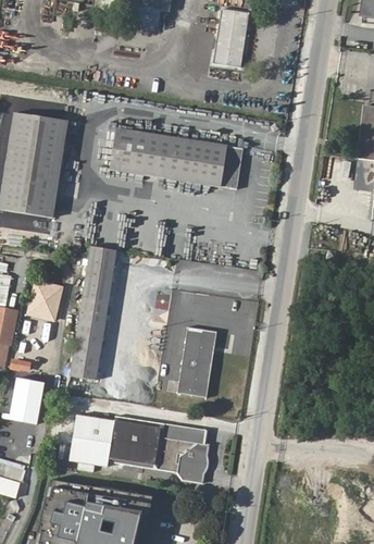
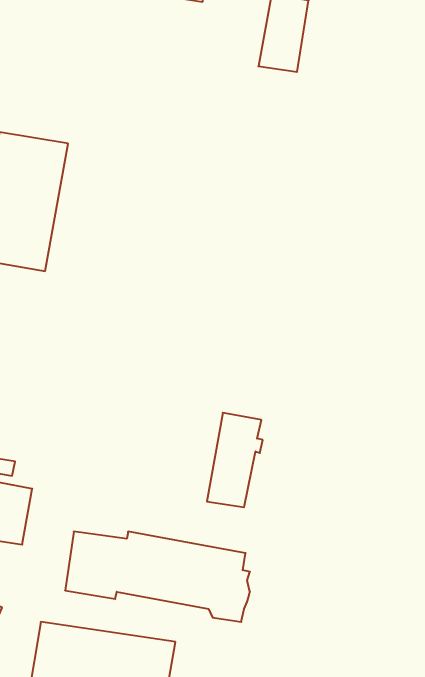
building: [114,128,246,190] -> none
building: [65,244,116,379] -> none
building: [26,280,62,321] -> none

